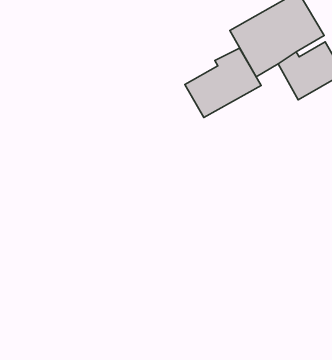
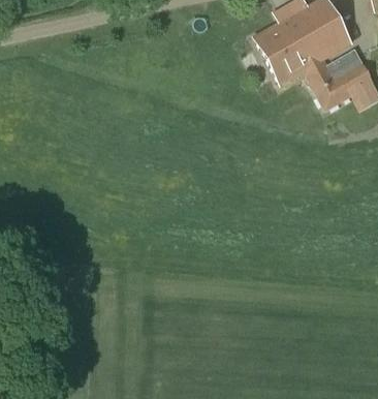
building: [185,48,261,118] -> none

